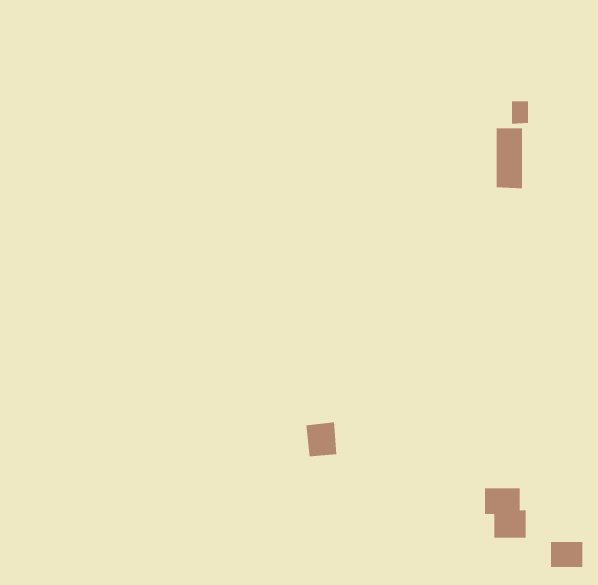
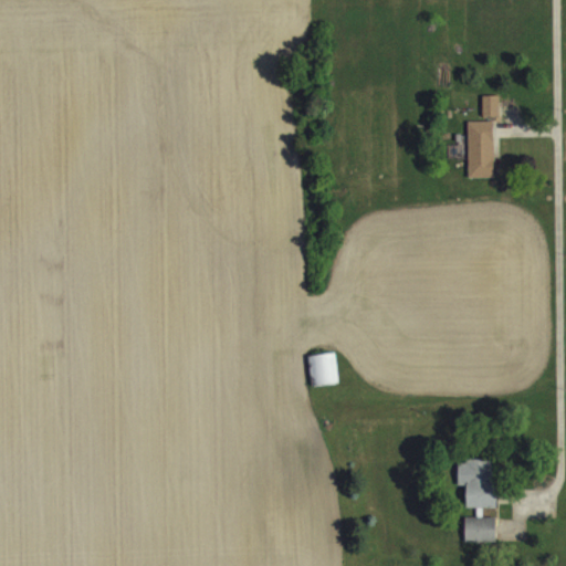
building: [305,422,337,457] -> [307,353,337,386]
building: [550,542,583,567] -> [464,517,495,542]

